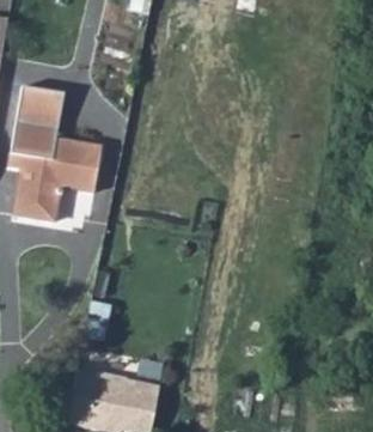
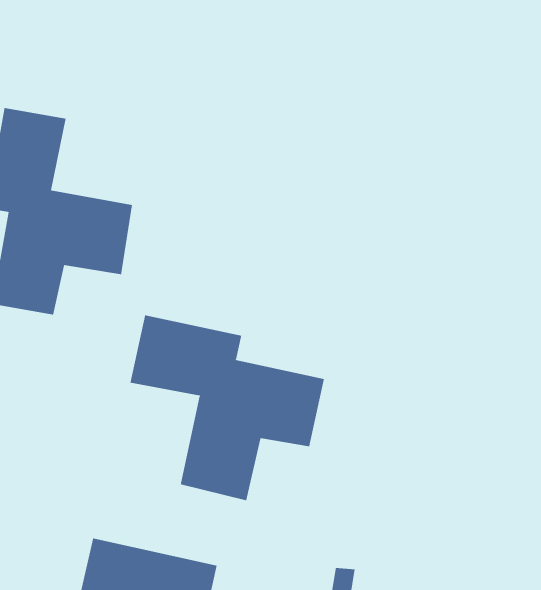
building: none -> [130,314,324,501]

